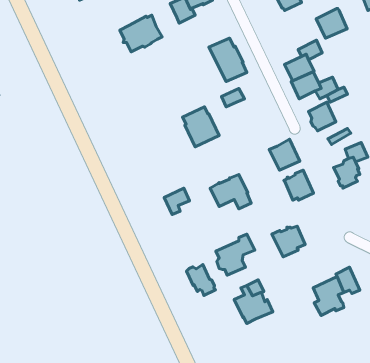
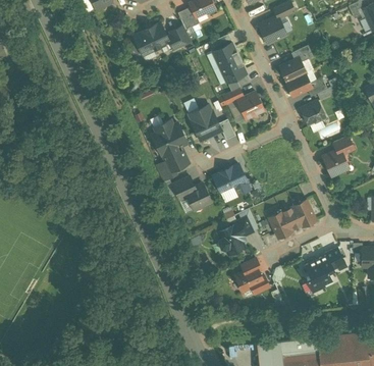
building: [316,8,347,38] -> [259,17,286,44]
building: none -> [165,25,191,53]
building: none -> [152,120,189,182]
building: [269,139,300,170] -> [236,92,264,119]
building: [284,170,313,200] -> [289,201,316,227]
building: none -> [184,185,211,212]
building: [186,265,216,296] -> none

